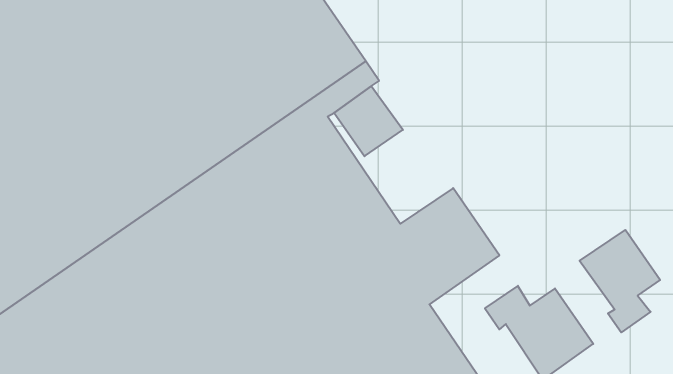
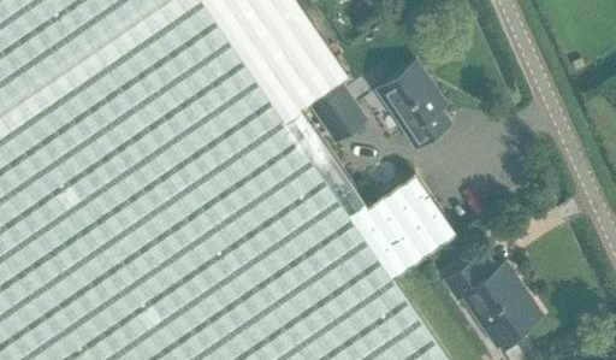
building: none -> [375,61,451,148]
building: [580,230,660,332] -> none

